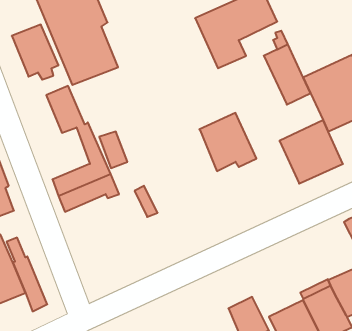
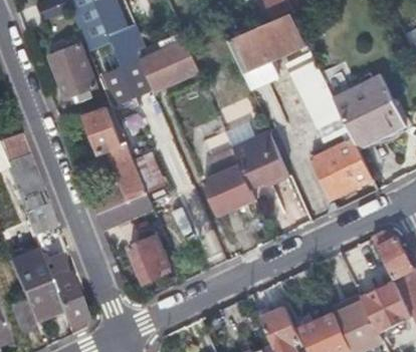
building: none -> [139,30,201,88]
building: none -> [204,149,255,216]
building: none -> [130,235,171,284]

